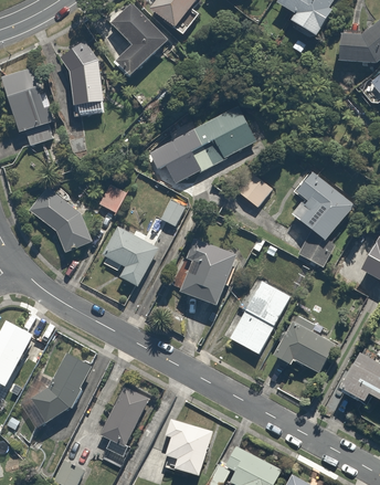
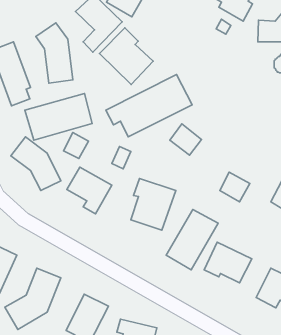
building: none -> [100,28,153,84]
building: none -> [25,94,92,140]
building: [294,172,356,240] -> none

